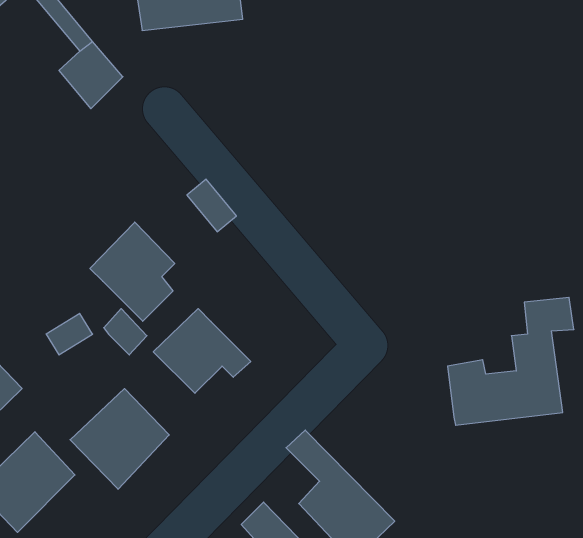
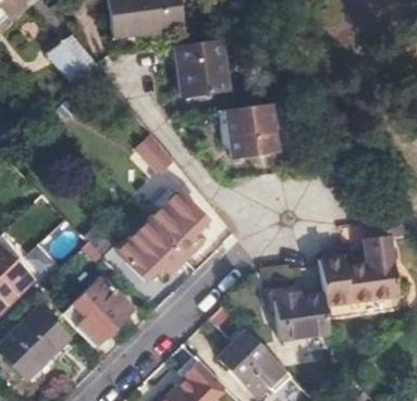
building: none -> [175,38,230,97]
building: none -> [225,102,278,158]
building: [90,222,175,321] -> [150,193,208,261]
building: none -> [274,299,330,341]

